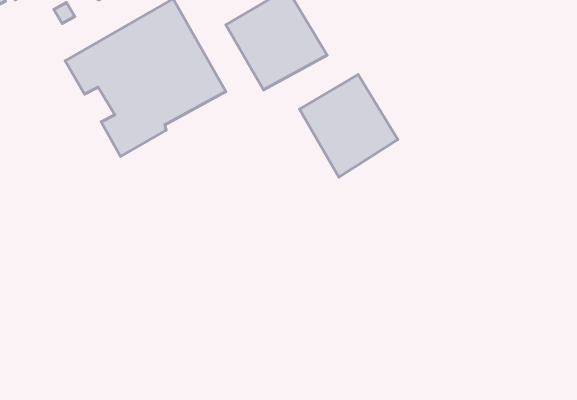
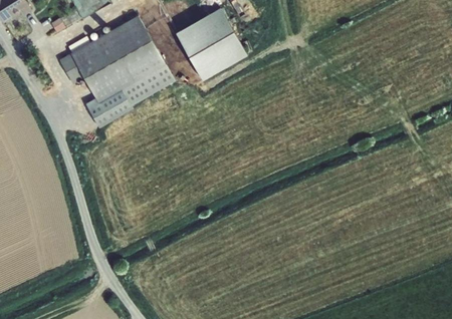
building: [300,74,398,177] -> none

